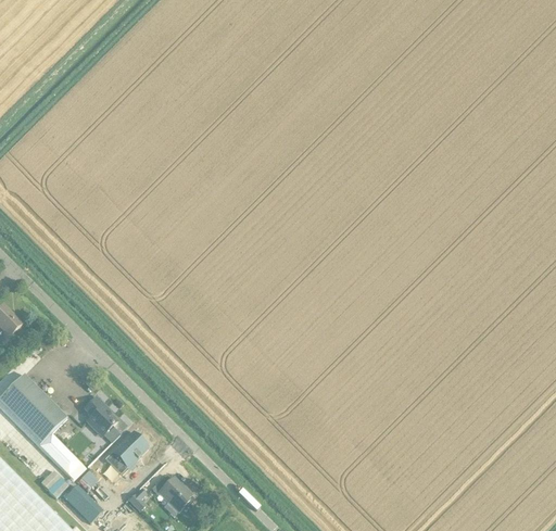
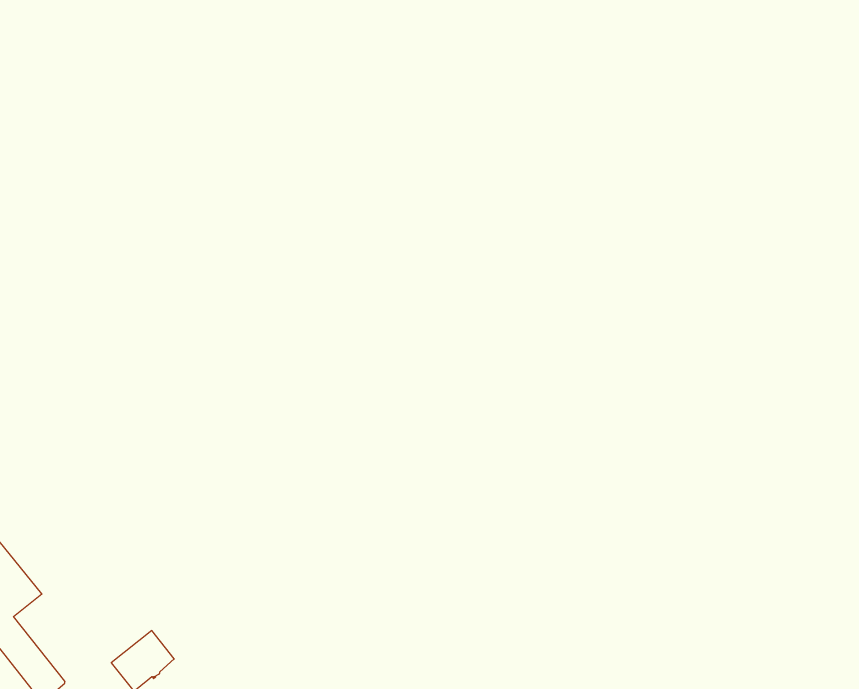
building: [83,396,116,437] -> none

